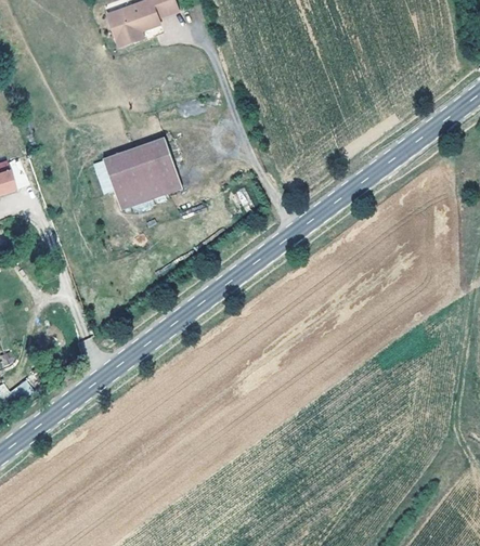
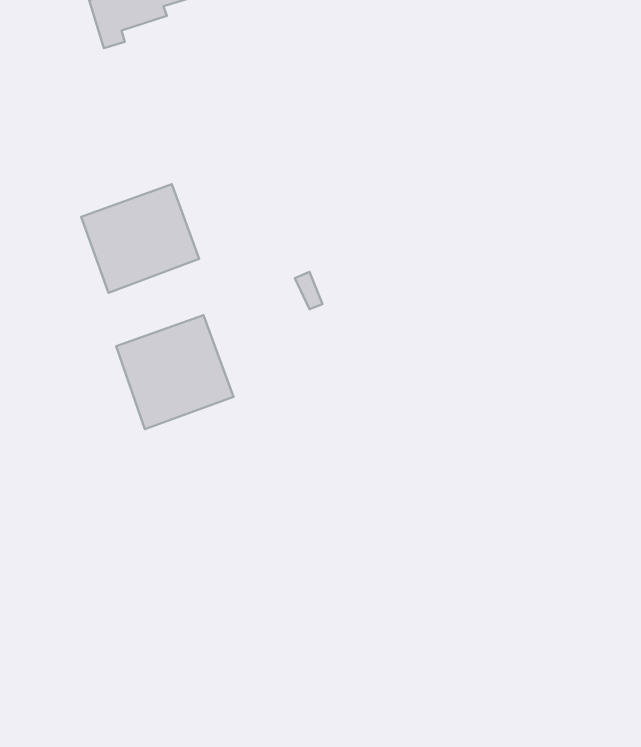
building: none -> [116,315,234,429]

